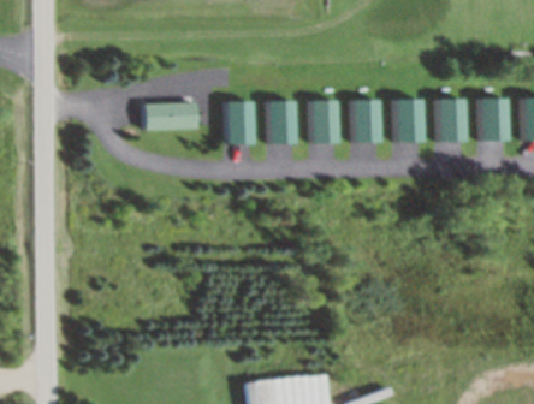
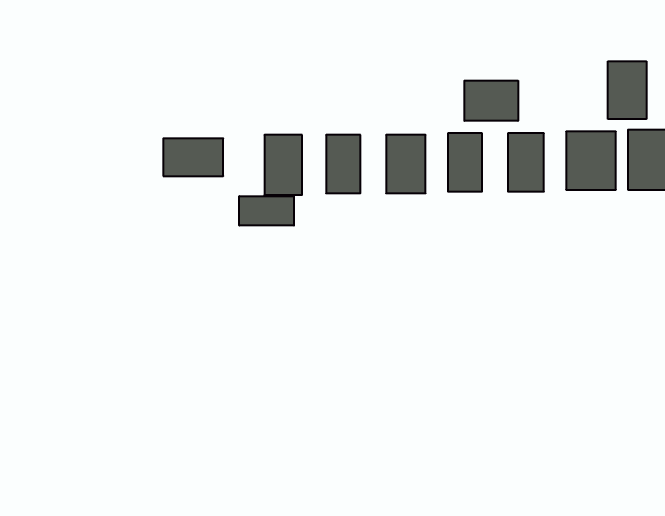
building: none -> [608,61,646,119]
building: none -> [464,81,518,121]
building: none -> [239,196,294,226]

